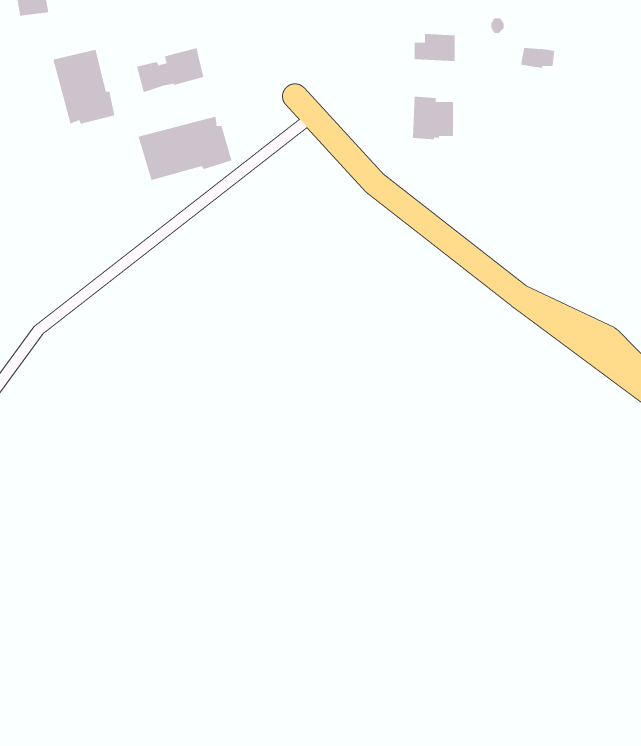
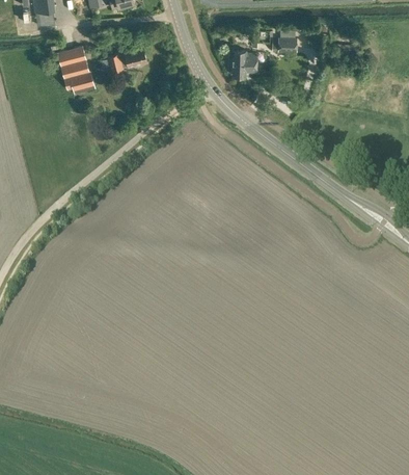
building: [412,96,454,140] -> [231,50,256,76]
building: [138,116,232,181] -> none

